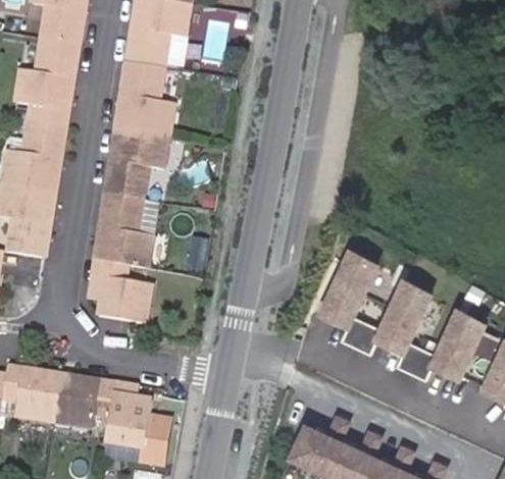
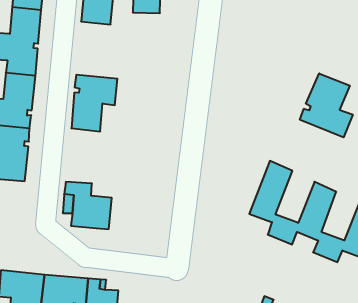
building: [115,62,172,137] -> none
building: none -> [300,73,353,137]
building: [94,195,151,268] -> none

